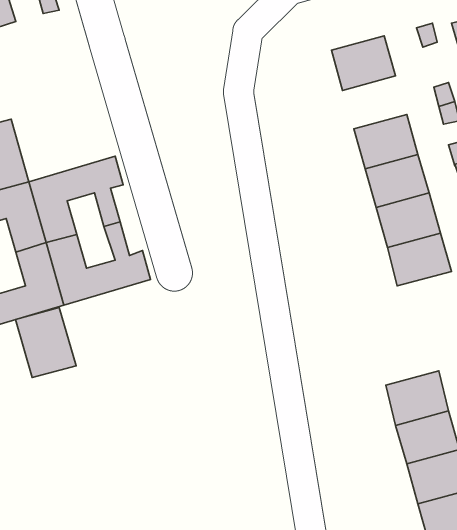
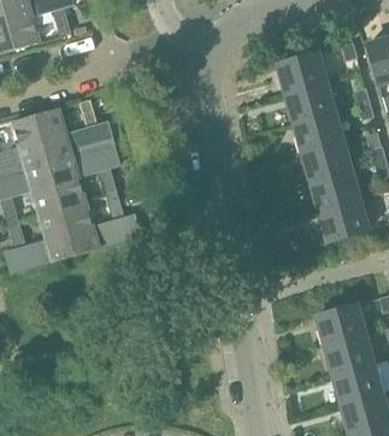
building: none -> [285,82,334,122]
building: none -> [36,99,114,161]
building: [16,308,76,378] -> none

